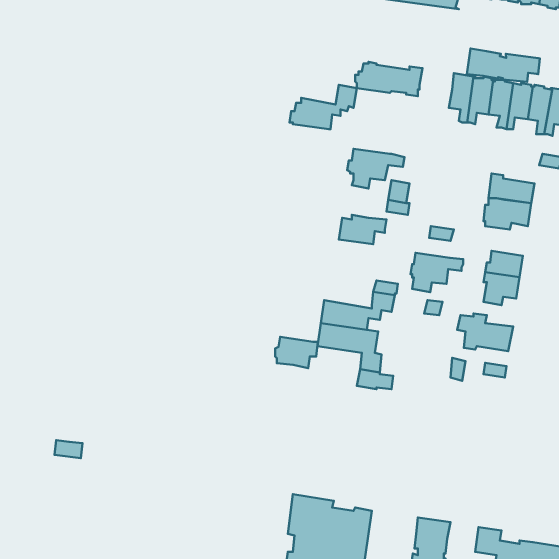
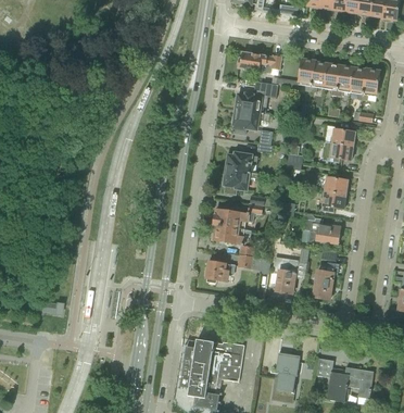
building: [467,48,540,82] -> none
building: [290,85,357,129] -> [233,83,278,112]
building: [410,253,463,292] -> [223,168,257,195]
building: [275,337,318,368] -> [205,261,233,281]
building: none -> [274,258,296,293]
building: none -> [313,265,334,299]

